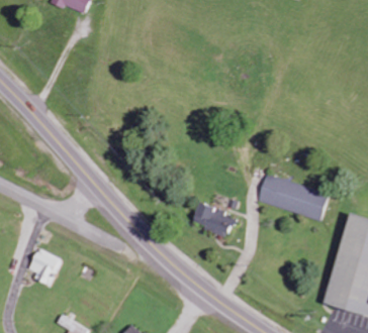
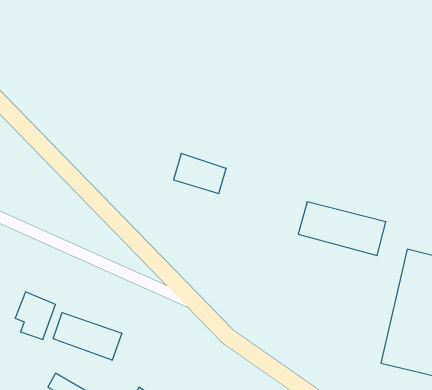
building: [192,202,235,234] -> [174,153,226,194]
building: none -> [53,313,122,360]

